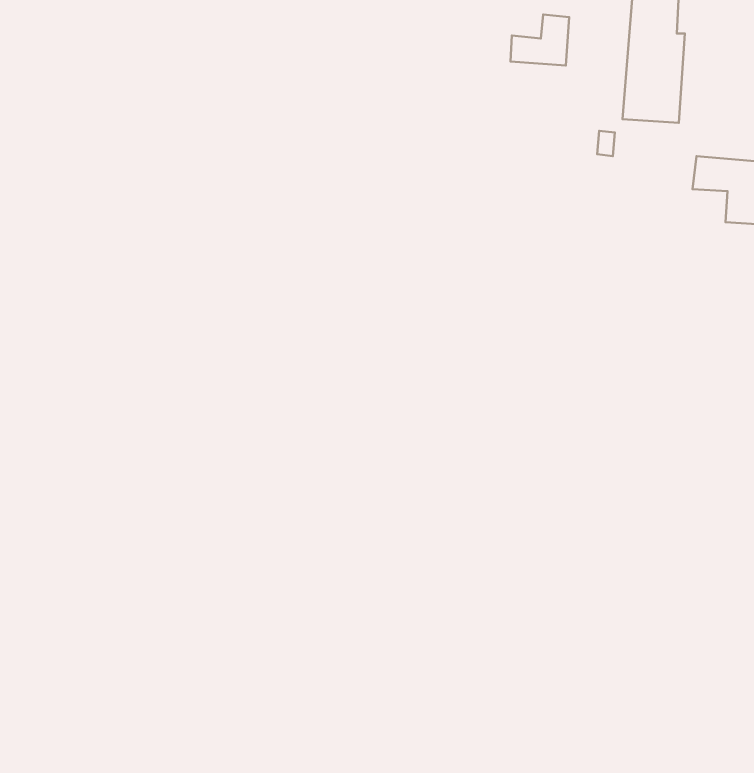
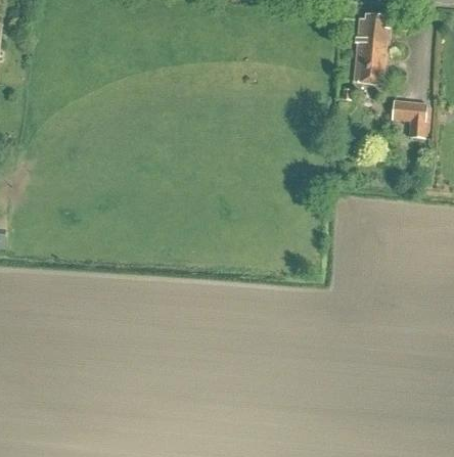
building: [511,15,569,65] -> none

